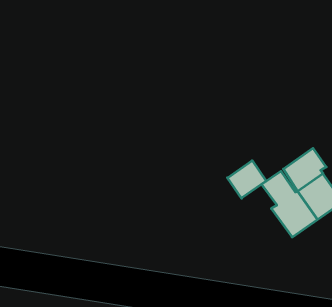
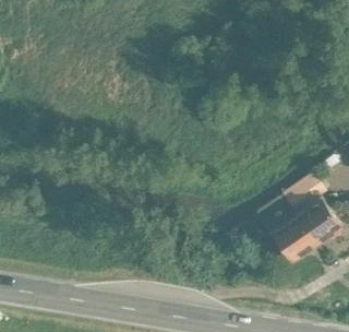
building: [227,161,266,198] -> none

